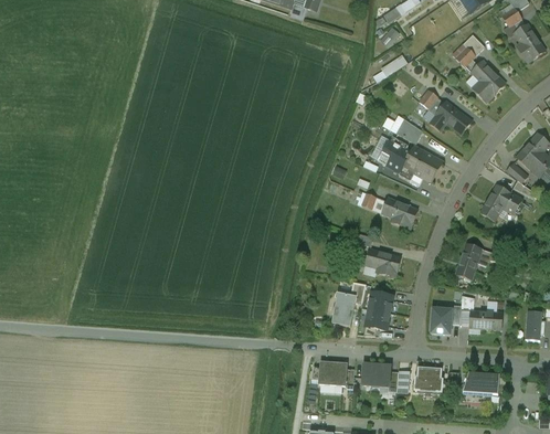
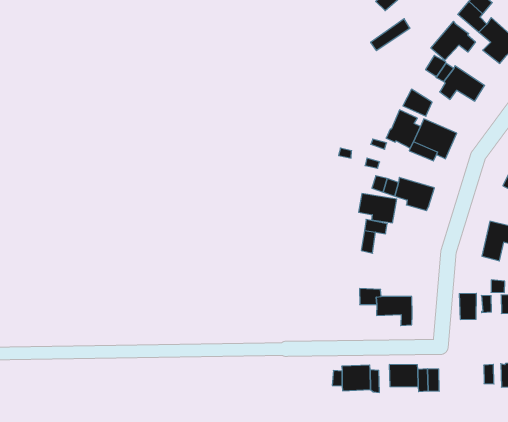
building: none -> [431,21,475,60]
building: [364,248,400,277] -> [359,194,397,223]
building: [414,368,441,392] -> none

